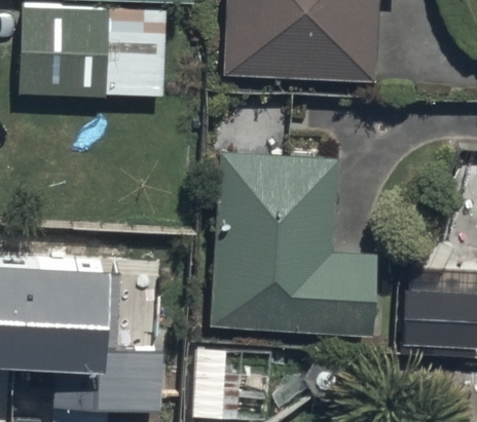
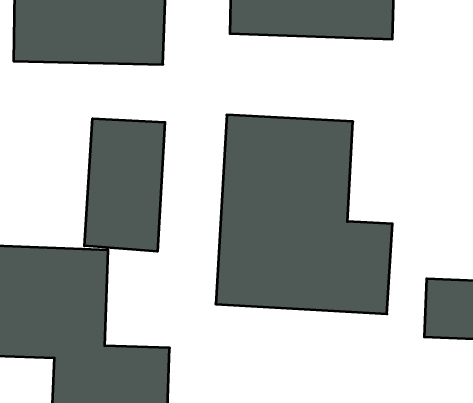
building: none -> [84,119,165,251]

